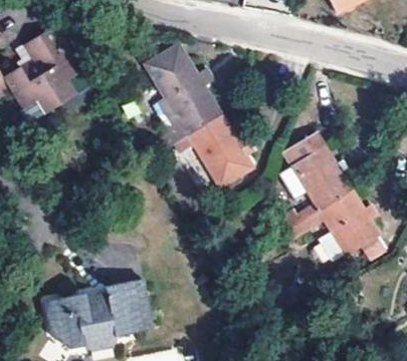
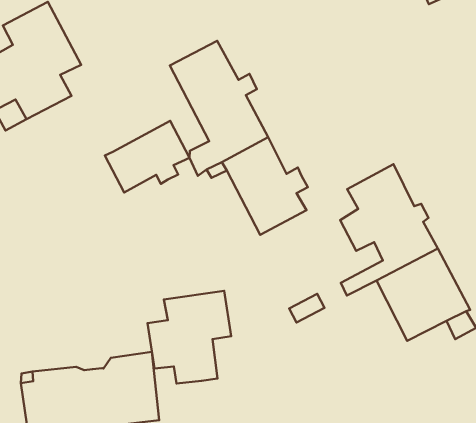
building: none -> [105,121,189,192]
building: none -> [148,291,231,383]

